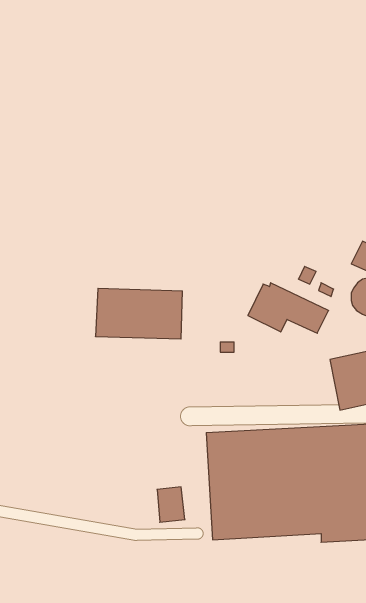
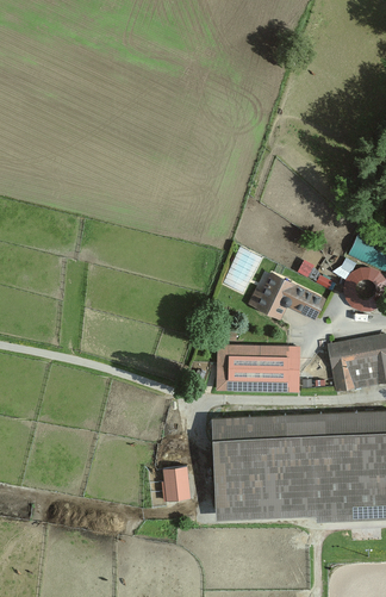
building: [95,288,182,339] -> [216,346,298,393]

